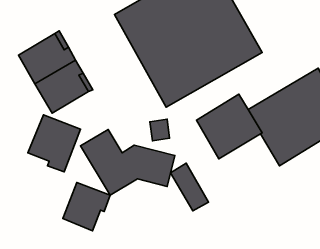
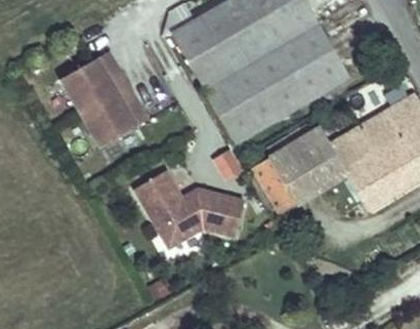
building: [28,115,81,172] -> none
building: [171,163,209,211] -> [252,157,297,213]
building: [63,182,110,231] -> none

